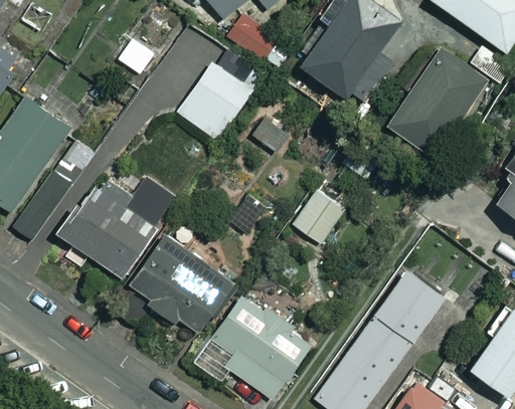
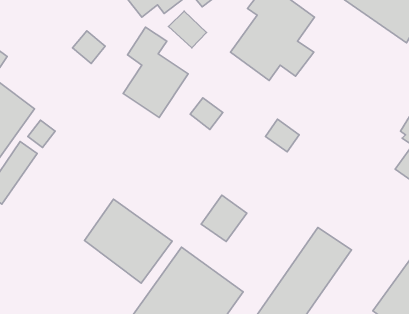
building: [386,47,489,156] -> none
building: [60,177,160,276] -> none
building: [292,190,345,244] -> [201,195,247,242]

